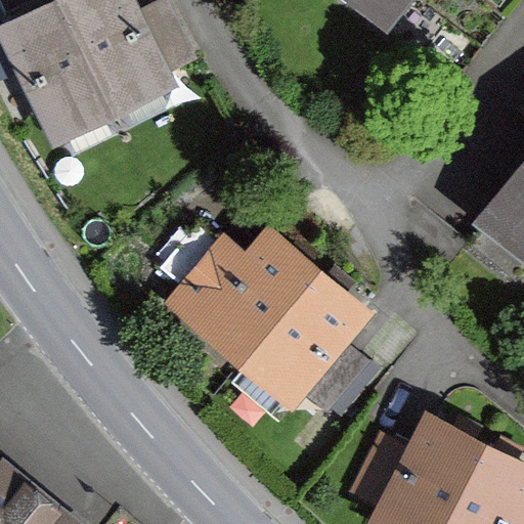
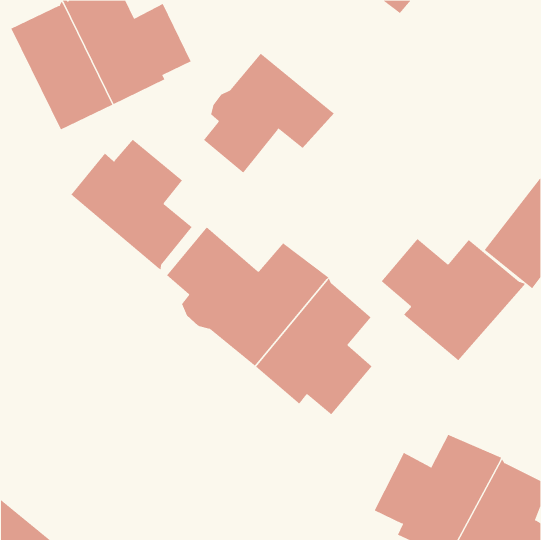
building: none -> [203,53,335,173]
building: none -> [70,139,193,271]
building: none -> [381,238,526,361]

